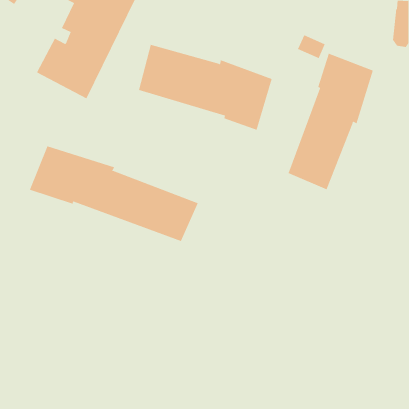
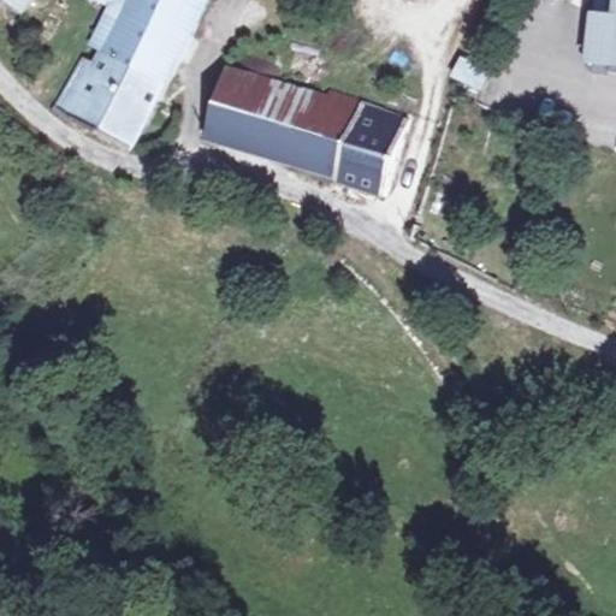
building: [288,53,373,190] -> none
building: [29,146,199,242] -> none

